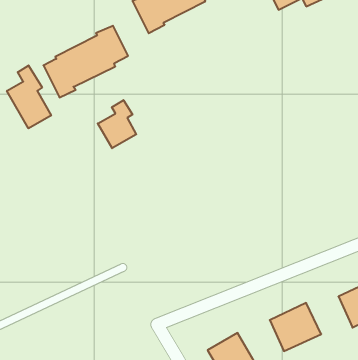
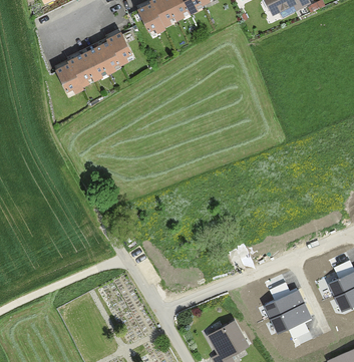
building: [7,65,51,128] -> none
building: [98,100,136,148] -> none

